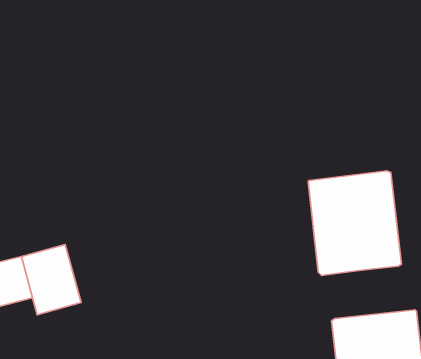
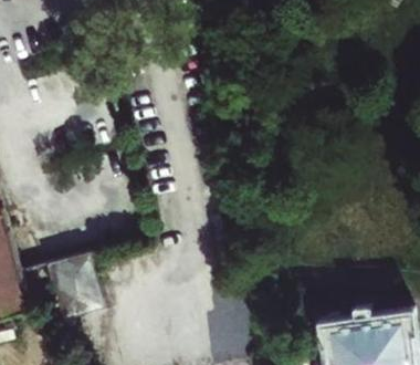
building: [308,171,401,276] -> none

